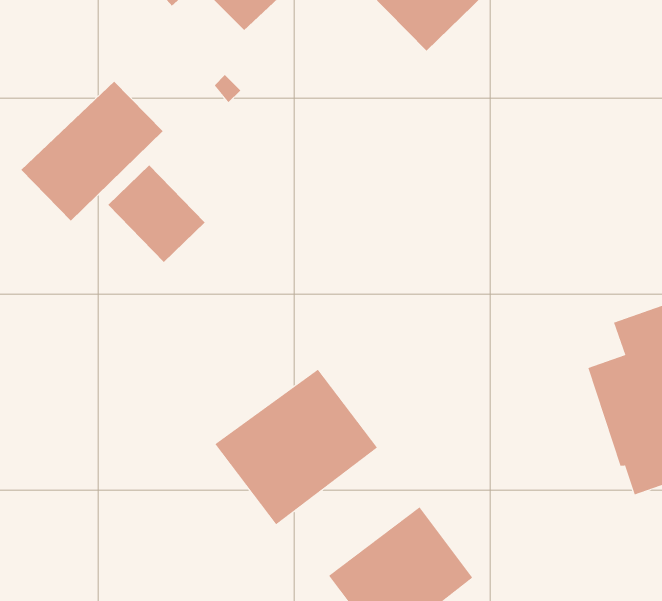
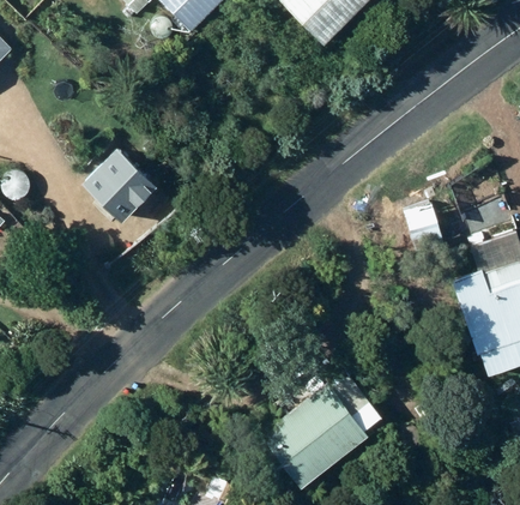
building: [20,81,164,221] -> none
building: [215,369,378,525] -> none

